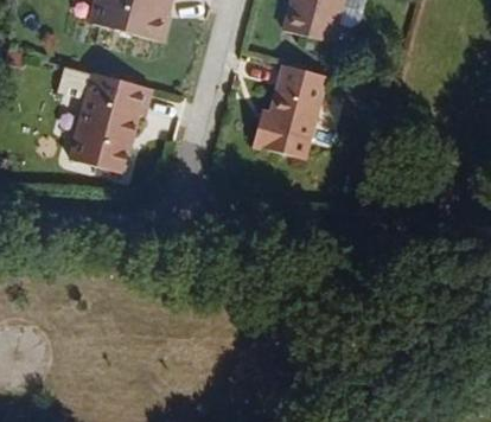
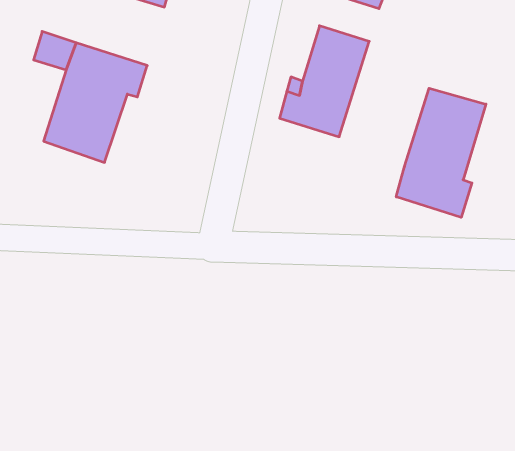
building: none -> [396,88,486,217]

